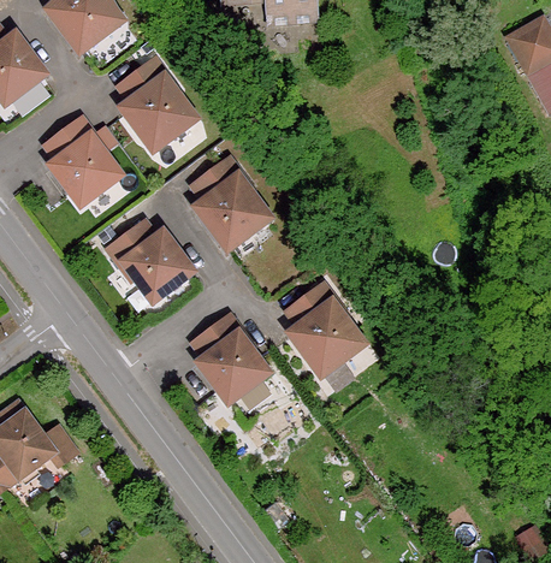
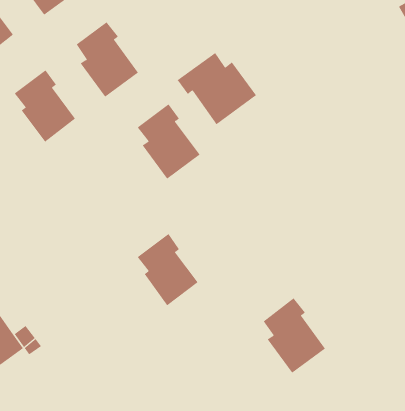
building: none -> [177,52,257,125]
building: [108,220,192,301] -> none
building: [288,283,363,374] -> [263,298,326,374]

